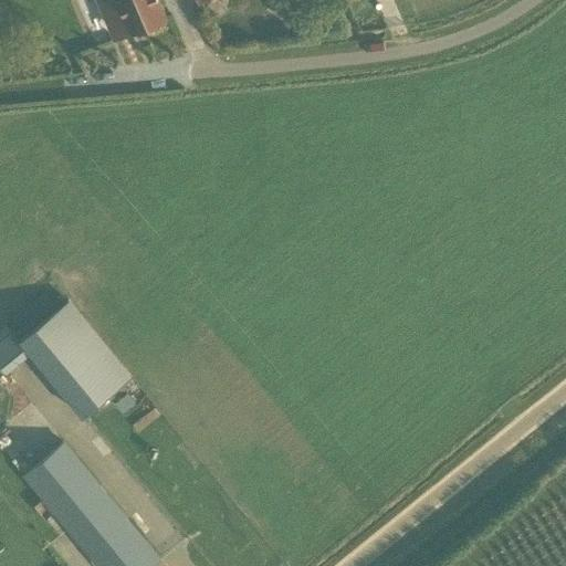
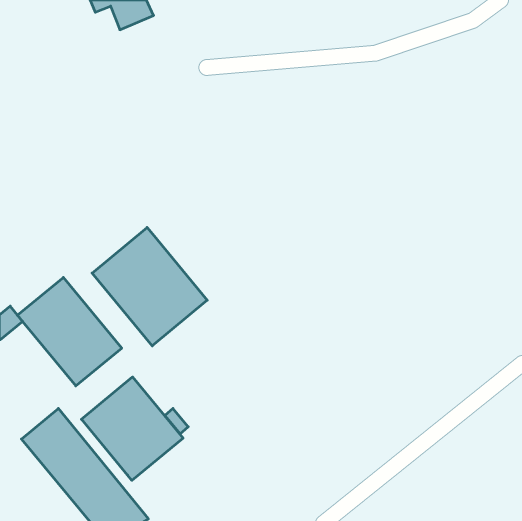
building: none -> [92,227,207,346]
building: none -> [81,377,183,480]

